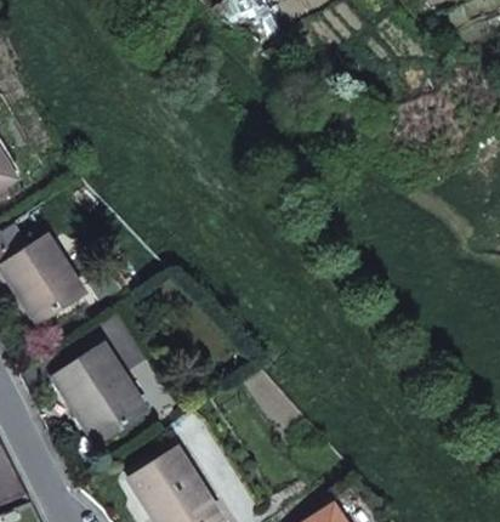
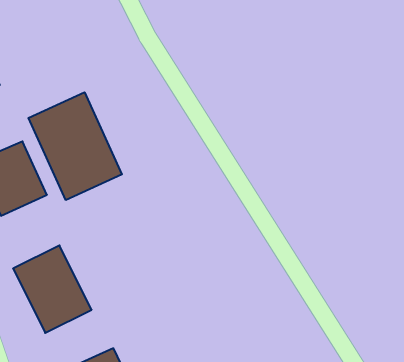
building: none -> [28,92,122,200]

